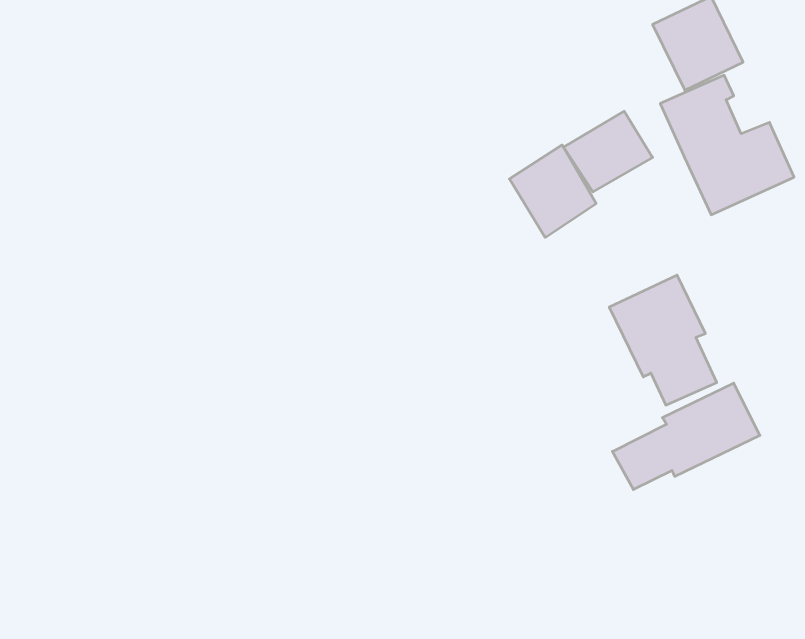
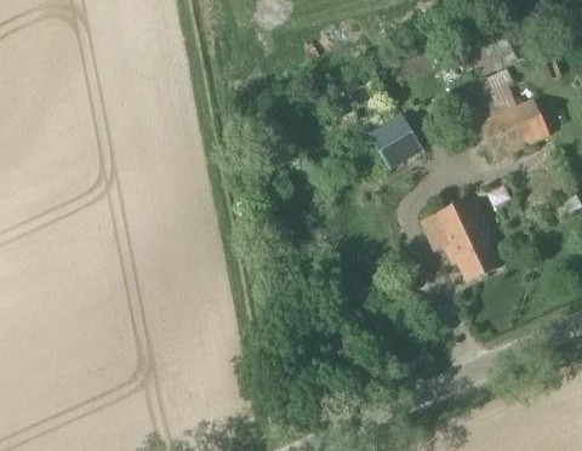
building: [563,111,653,192] -> none
building: [612,383,760,490] -> none

